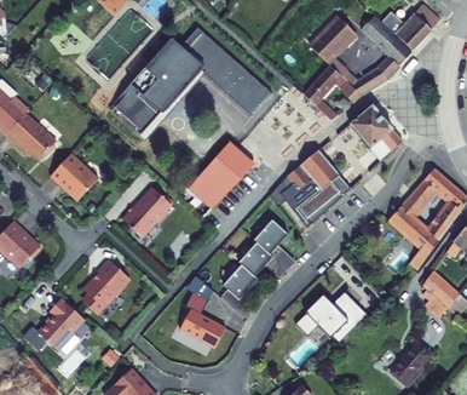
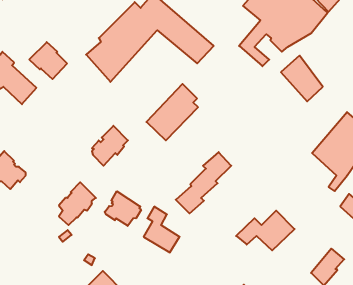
building: [41,156,88,202] -> [29,42,67,79]
building: [284,158,348,228] -> none
building: none -> [105,191,141,226]
building: [33,296,79,349] -> none

